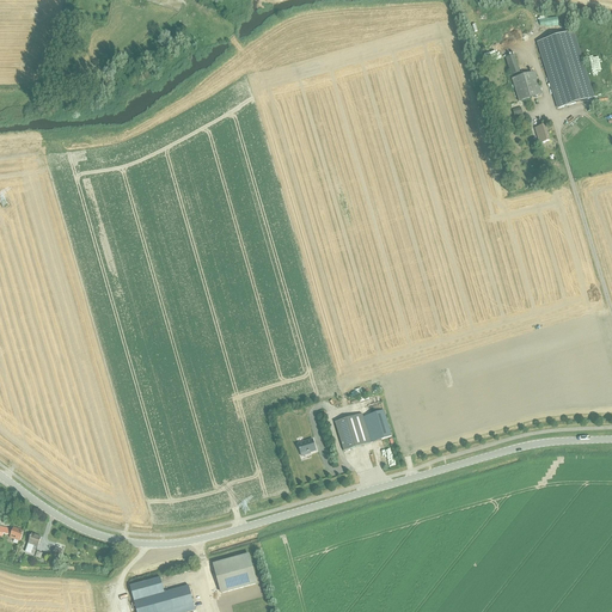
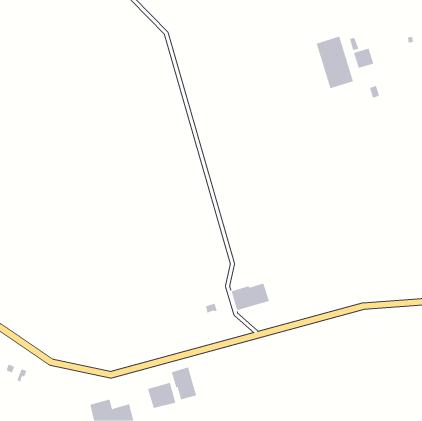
building: [537,30,592,106] -> [316,36,354,89]
building: none -> [171,367,197,400]

